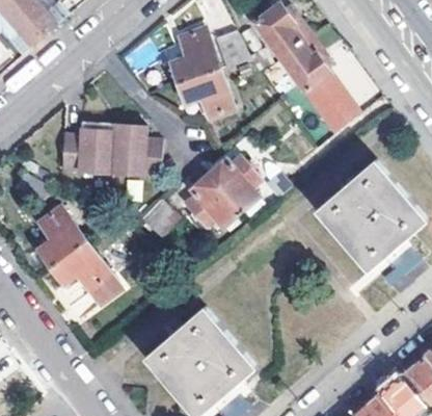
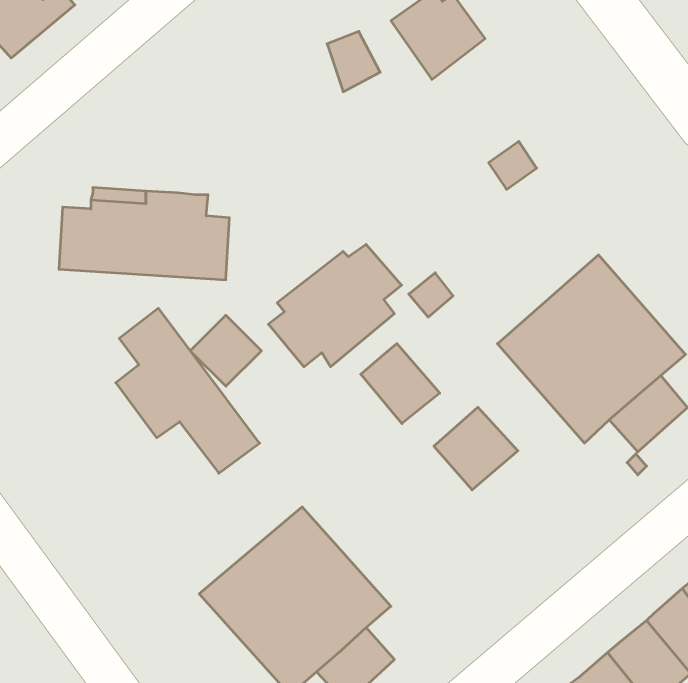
building: [168,30,235,122] -> none
building: [278,34,331,95] -> none
building: [35,208,119,305] -> [116,308,260,473]
building: none -> [361,344,440,424]
building: none -> [434,407,518,490]

